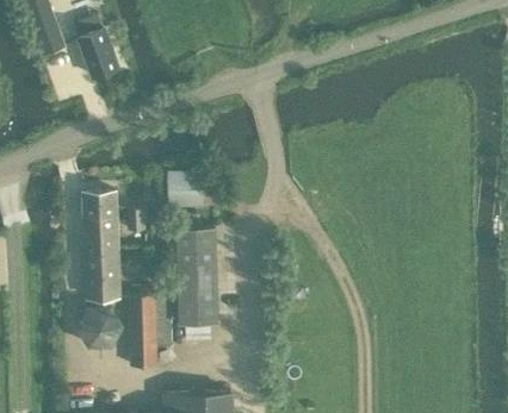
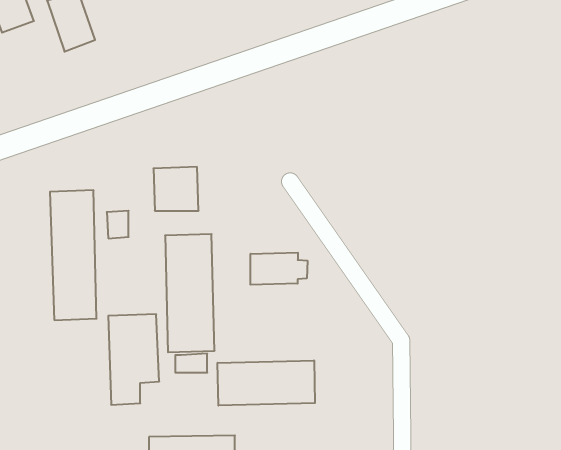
building: none -> [250,253,307,285]
building: [75,306,124,349] -> none
building: none -> [218,360,315,406]

